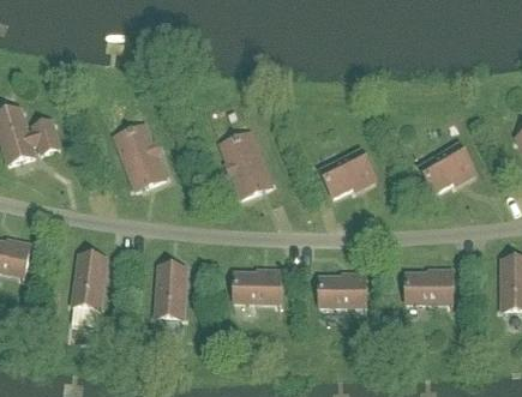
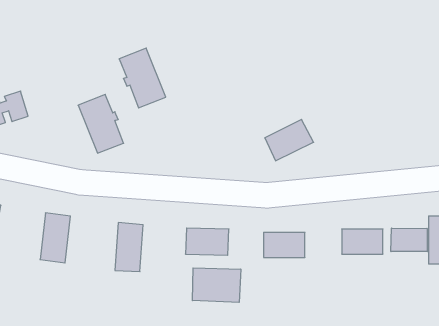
building: [220,133,271,199] -> [119,48,166,108]
building: [419,148,474,194] -> none
building: none -> [391,228,427,252]
building: none -> [192,268,241,302]

